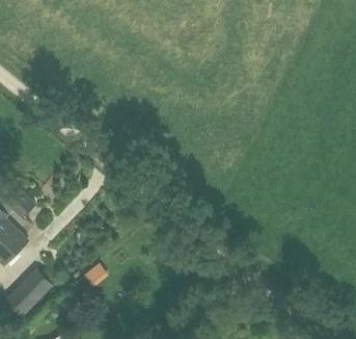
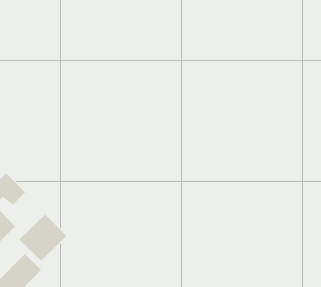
building: none -> [18,214,67,262]

